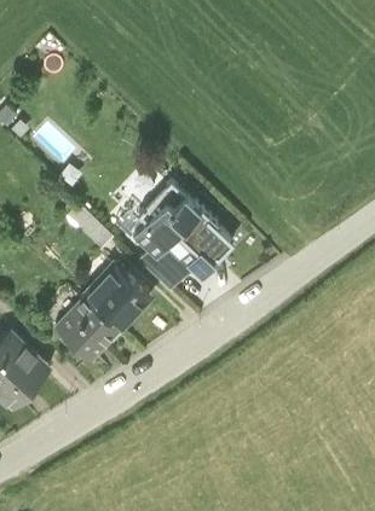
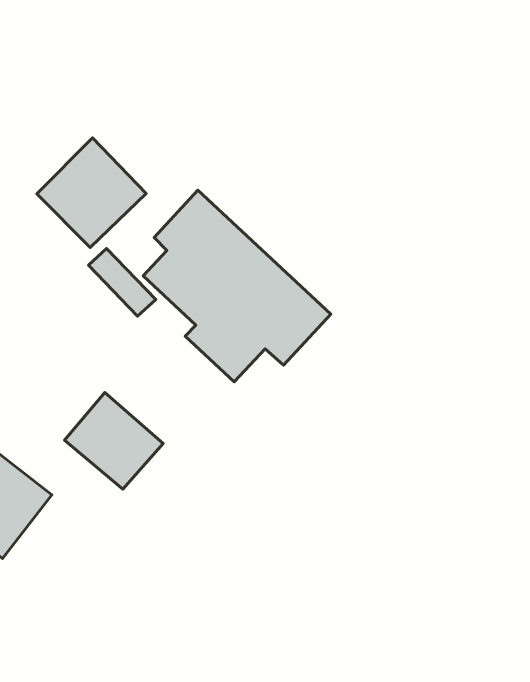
building: none -> [37,138,146,247]
building: [83,266,149,330] -> none

